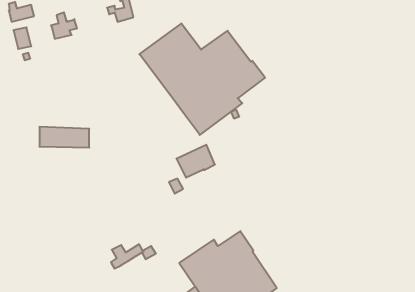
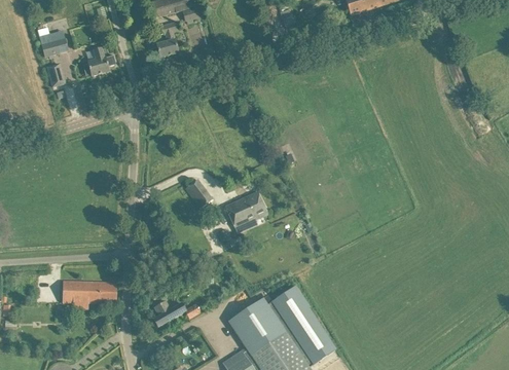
building: [139,23,265,135] -> none
building: [39,127,89,148] -> [62,281,116,303]
building: none -> [184,179,212,208]

